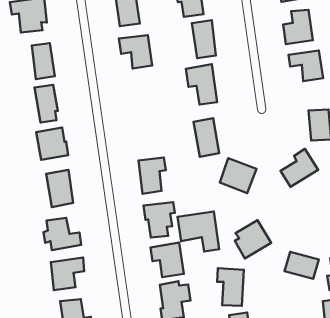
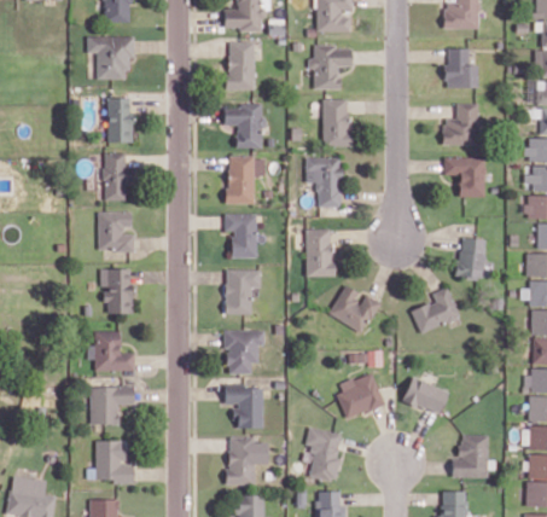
building: none -> [227,157,264,204]
building: none -> [225,214,256,257]
building: [178,212,219,251] -> none
building: [285,252,319,279] -> [402,376,449,416]

